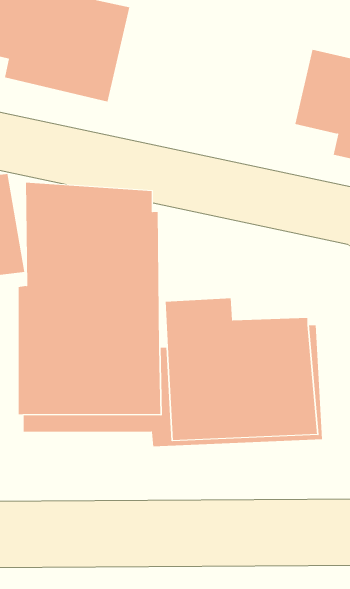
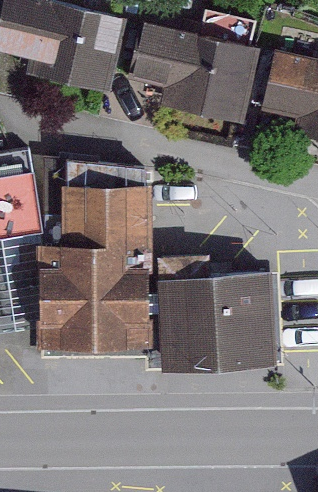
building: none -> [125,19,262,126]

